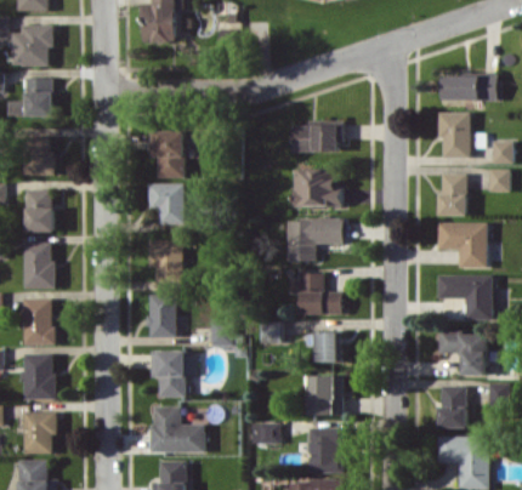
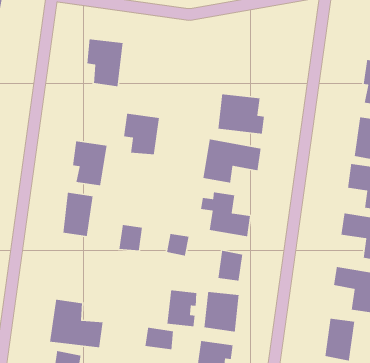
building: [291,120,339,152] -> none
building: [148,183,183,224] -> [123,113,160,155]
building: [149,351,194,397] -> none
building: none -> [167,289,197,327]

